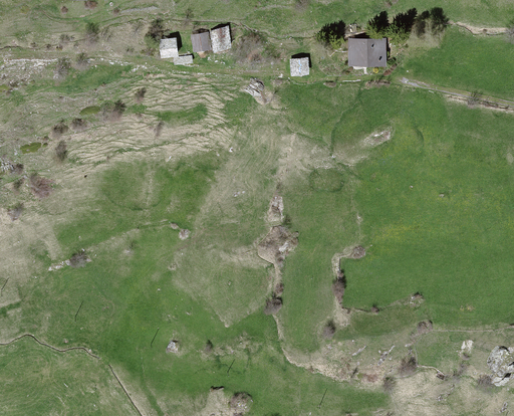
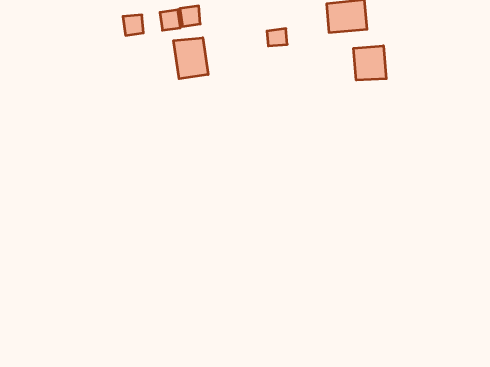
building: none -> [174,38,208,79]
building: none -> [354,46,386,80]

